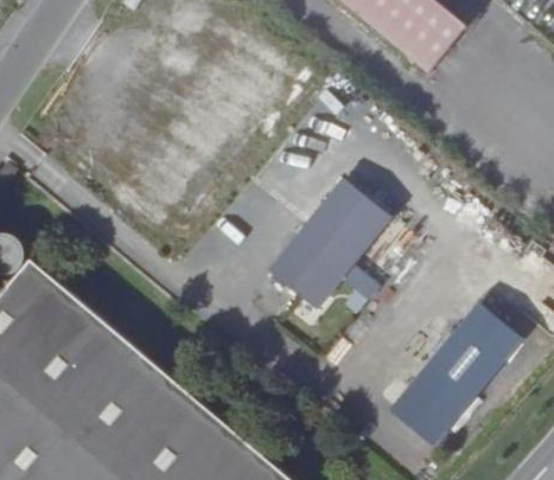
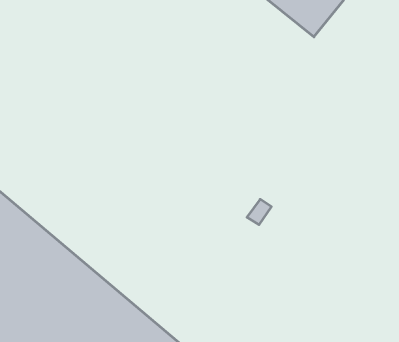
building: [269,178,390,308] -> none
building: [389,305,520,446] -> none

